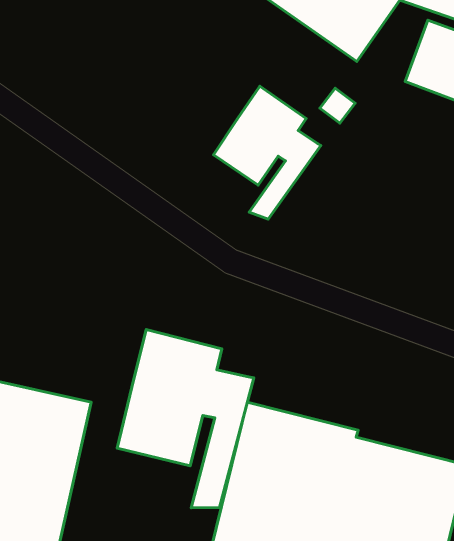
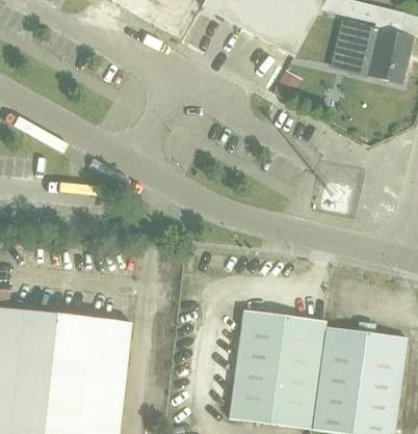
building: [213,86,321,219] -> none
building: [117,330,254,508] -> none

